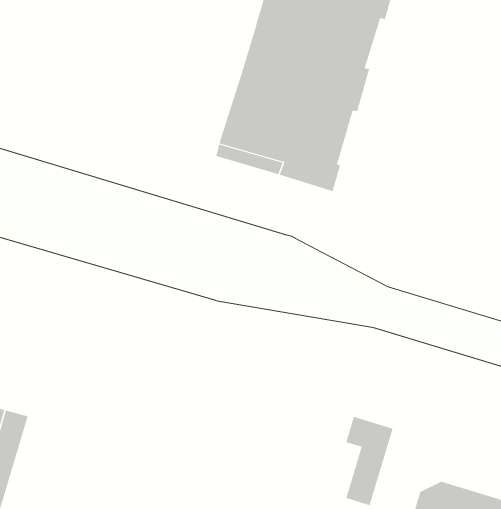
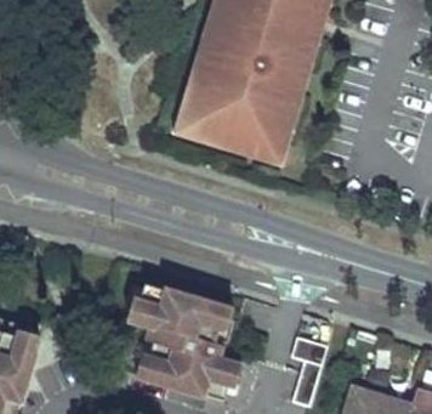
building: none -> [125,283,239,401]

